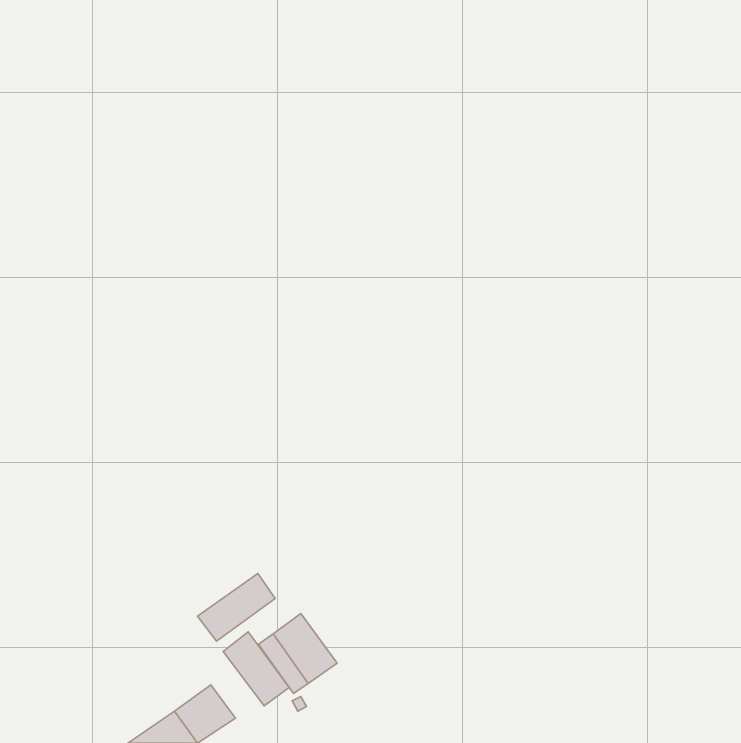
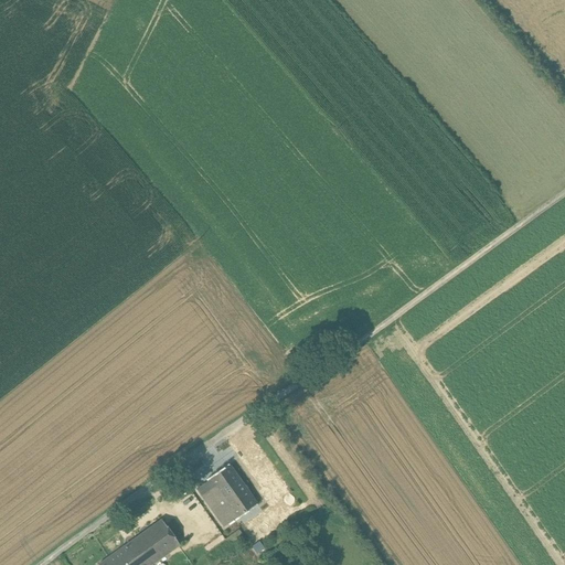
building: [198,574,275,641] -> none
building: [223,632,289,706] -> none

